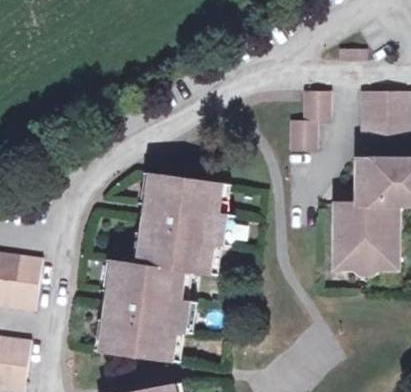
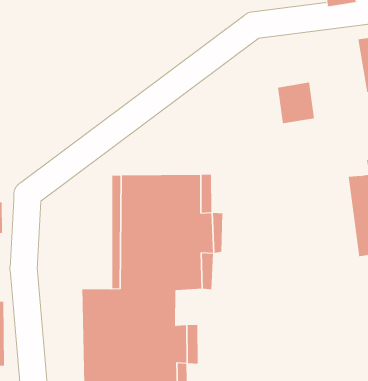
building: [304,91,331,122] -> none

